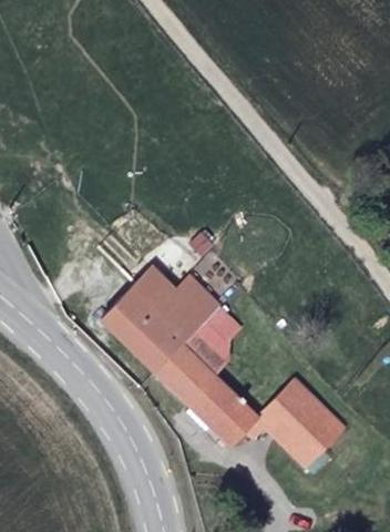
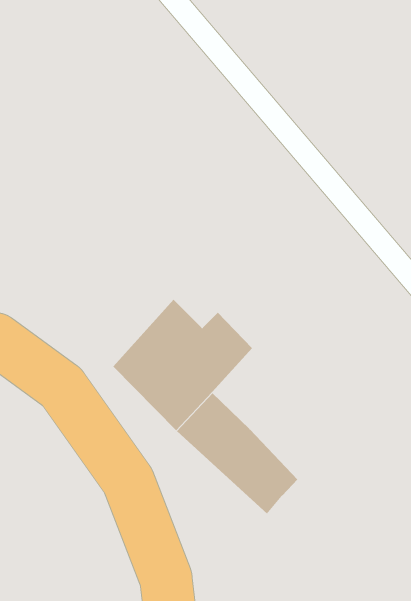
building: [185,305,242,374] -> none
building: [245,377,345,468] -> none

